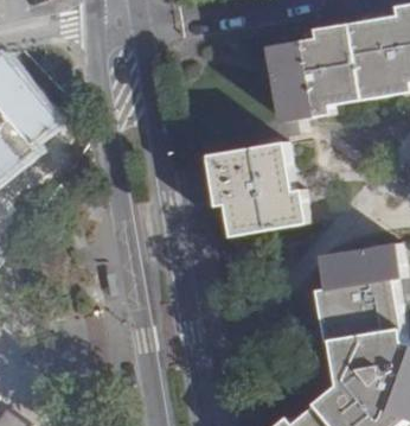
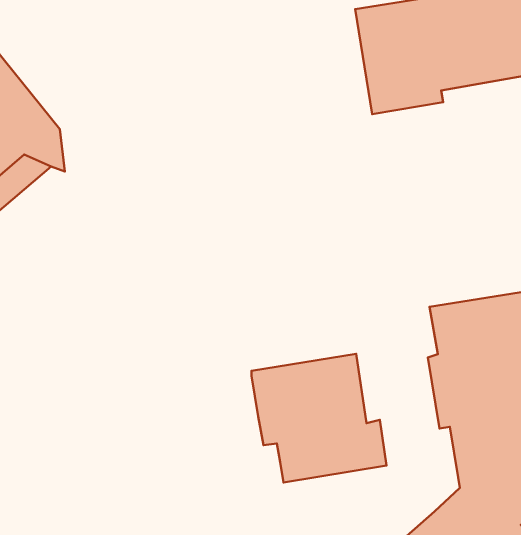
building: [212,154,307,244] -> [252,354,387,482]

